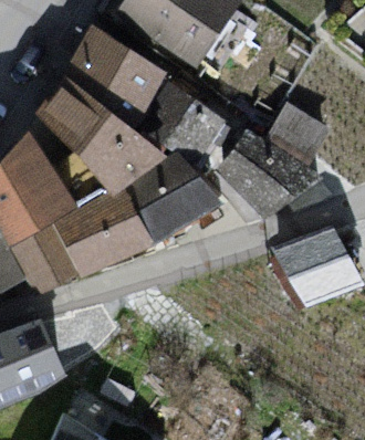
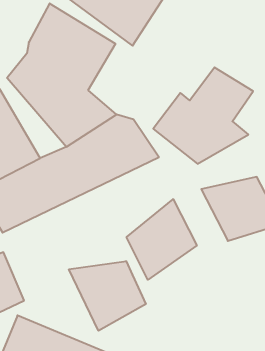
building: [137,80,236,165] -> none
building: none -> [127,199,197,280]
building: none -> [69,261,146,331]

